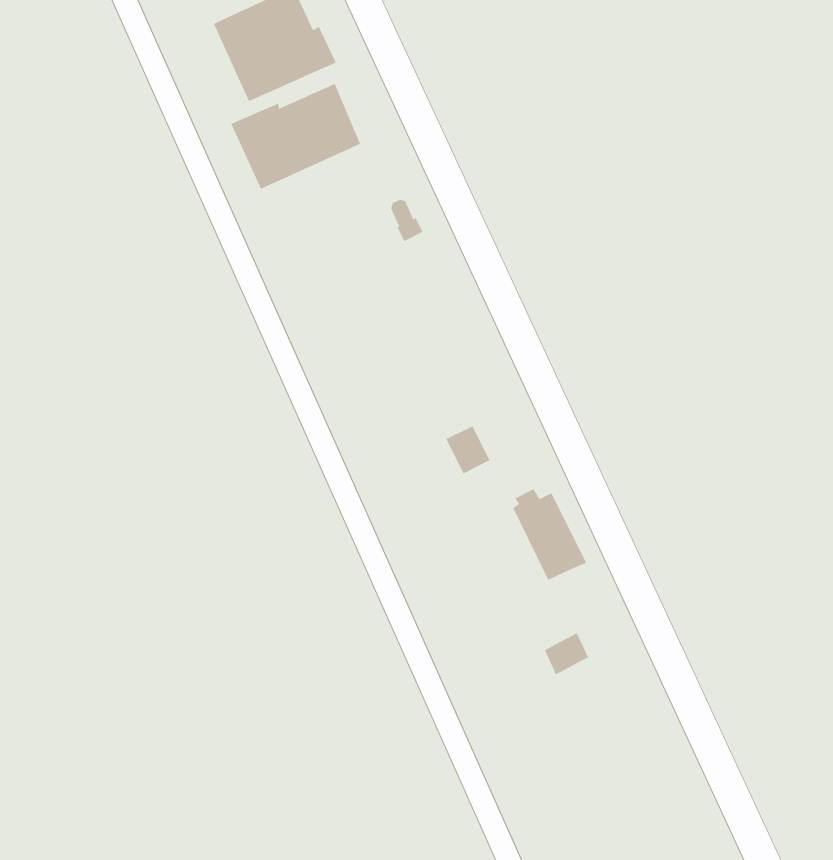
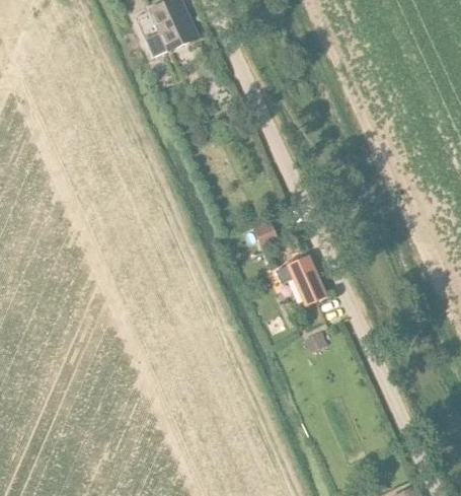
building: [230,83,361,190] -> none

